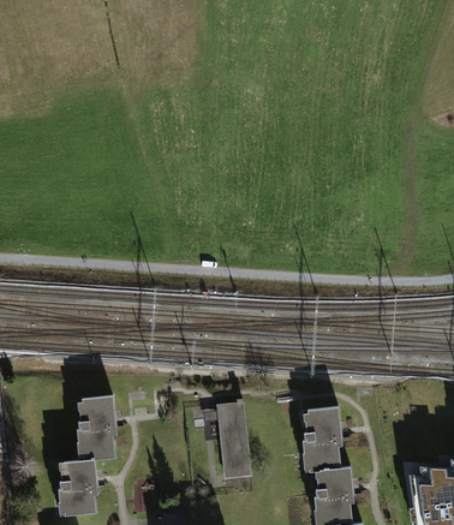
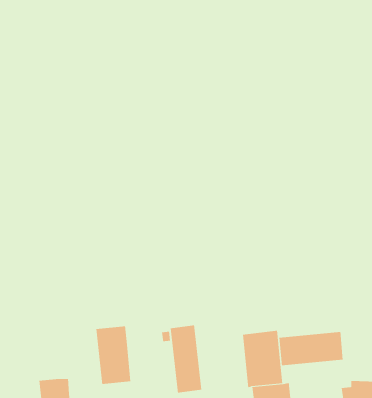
building: [79,394,120,461] -> [95,326,131,385]
building: none -> [279,331,343,366]

